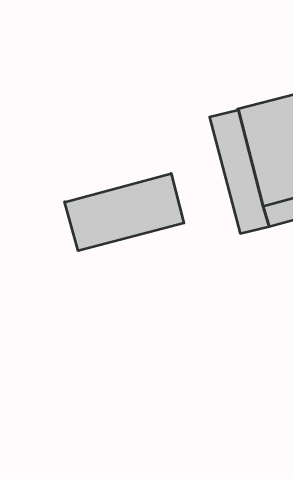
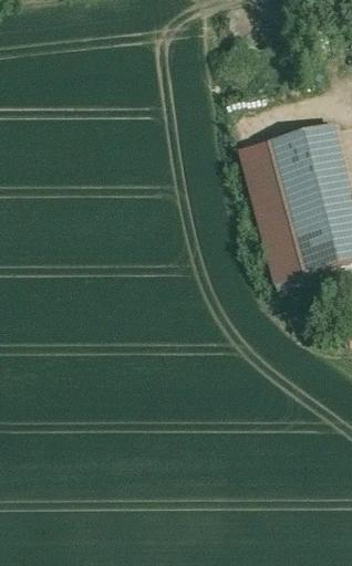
building: [65,173,184,251] -> none

